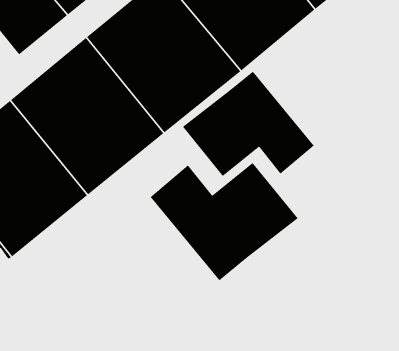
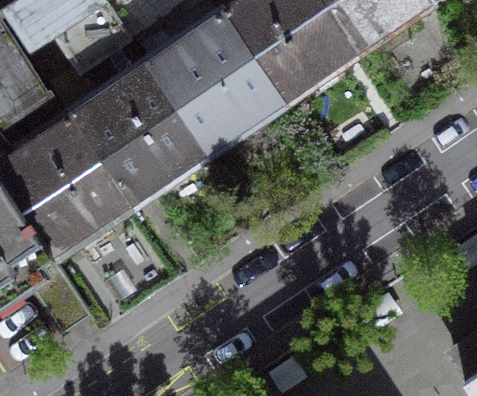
building: [182,71,314,177] -> none
building: [150,162,298,281] -> none

